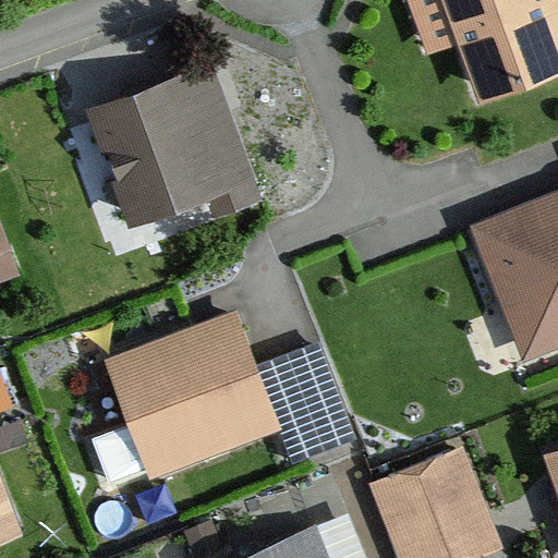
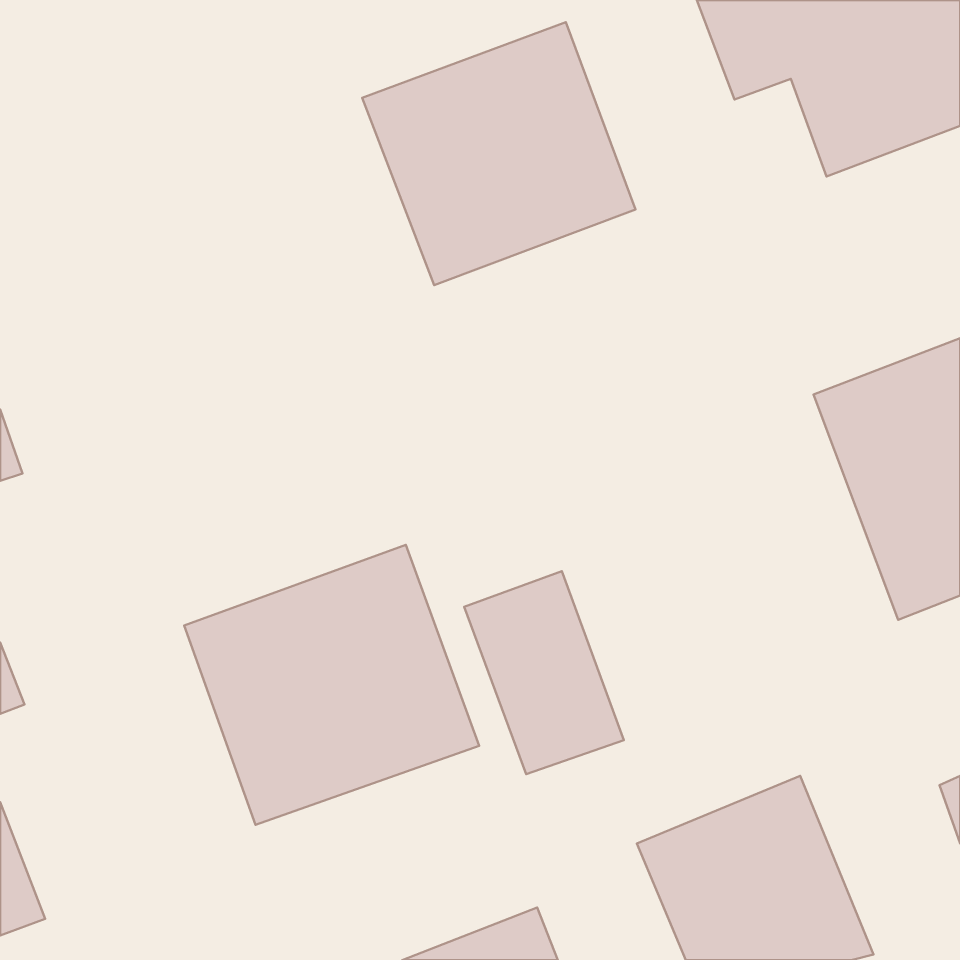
building: none -> [362,22,635,285]
building: [87,65,253,226] -> none

